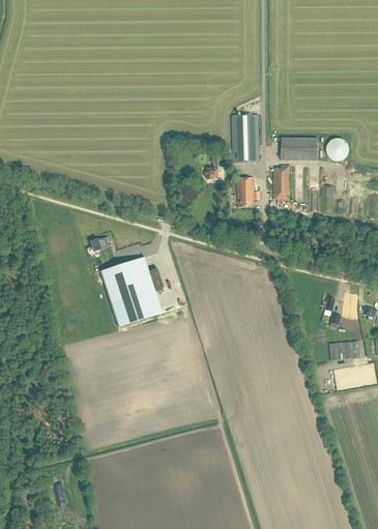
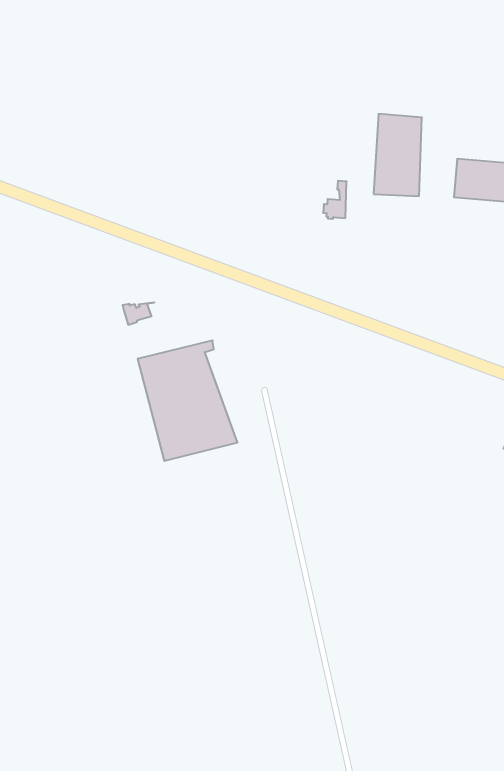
building: [273,164,290,201] -> none
building: [236,177,259,206] -> none

